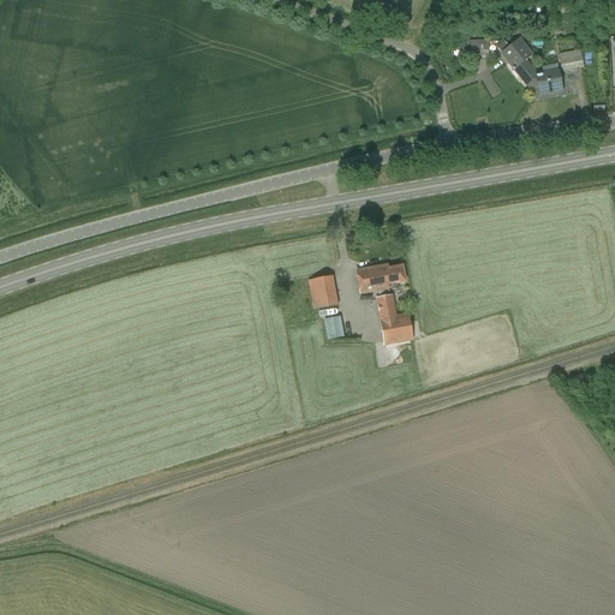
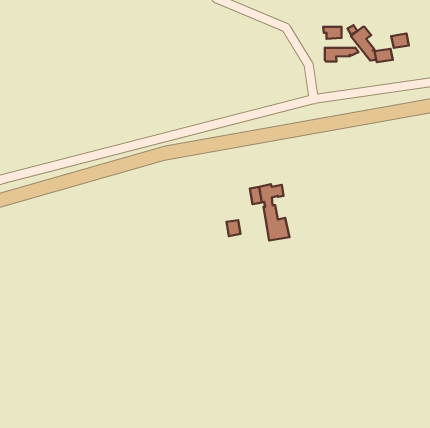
building: none -> [325,48,359,61]
building: [308,274,339,309] -> none

